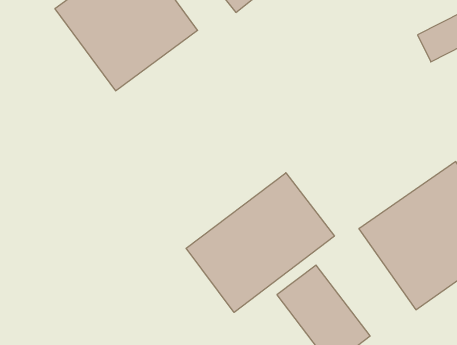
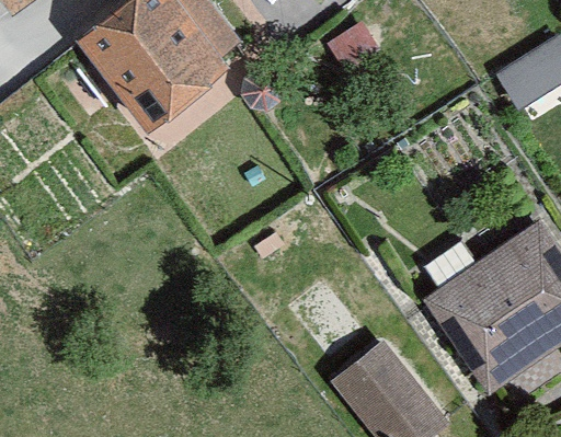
building: [186,173,334,312] -> none

